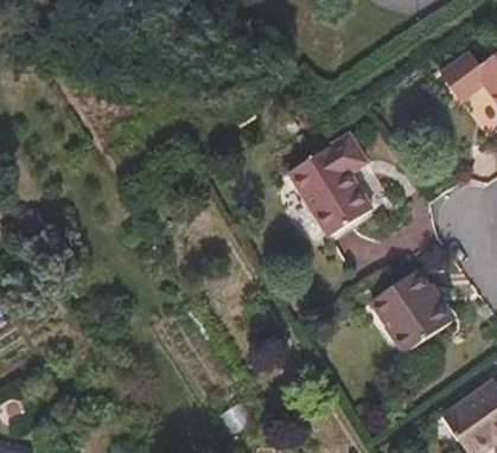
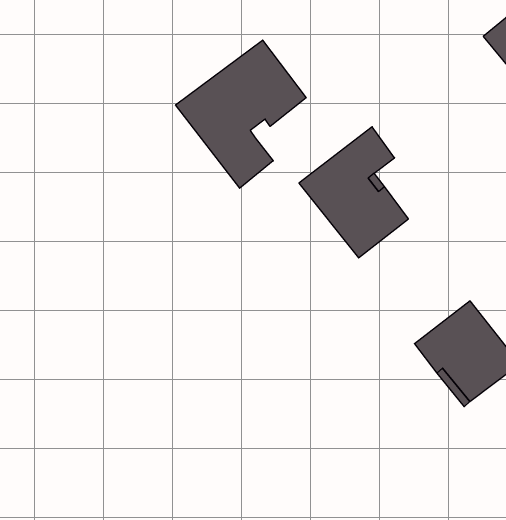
building: none -> [176,40,306,188]

